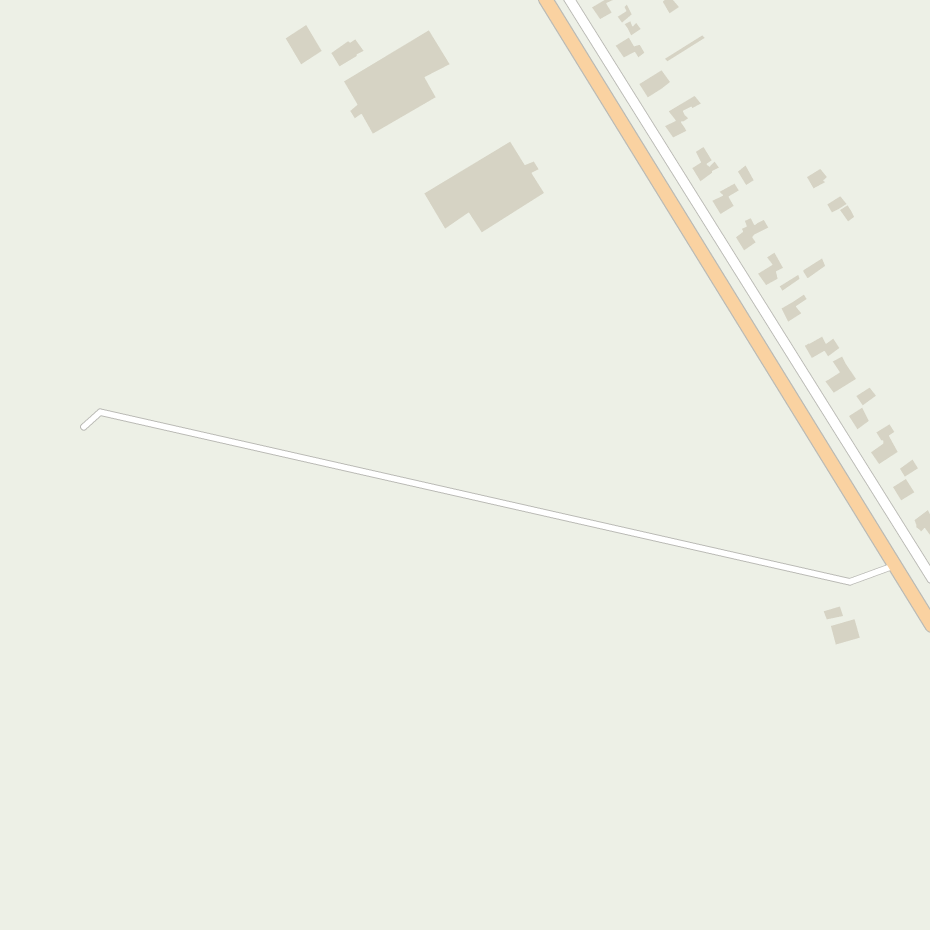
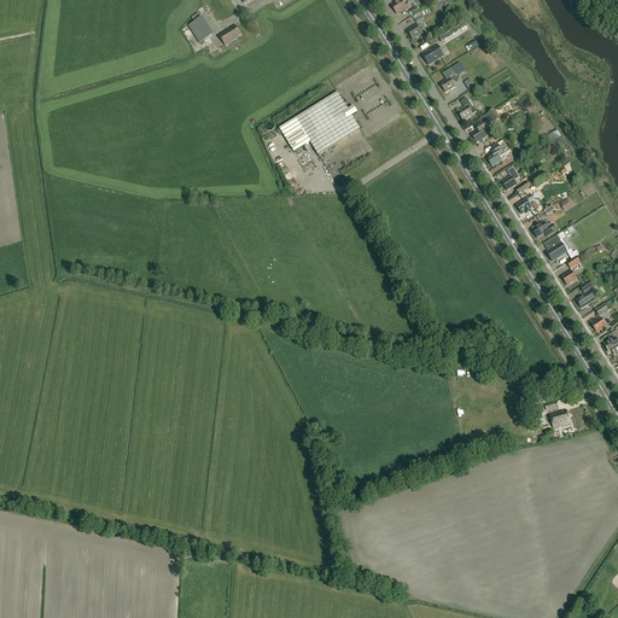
building: [343,29,451,135] -> none

